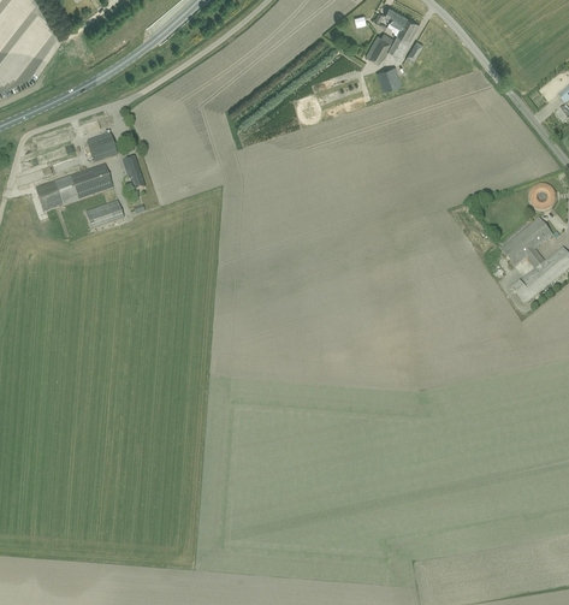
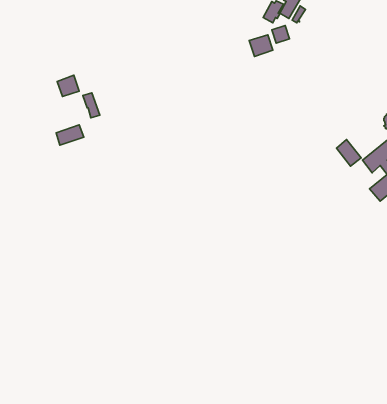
building: none -> [249,35,273,56]
building: [35,162,112,210] -> none
building: none -> [336,139,361,166]

